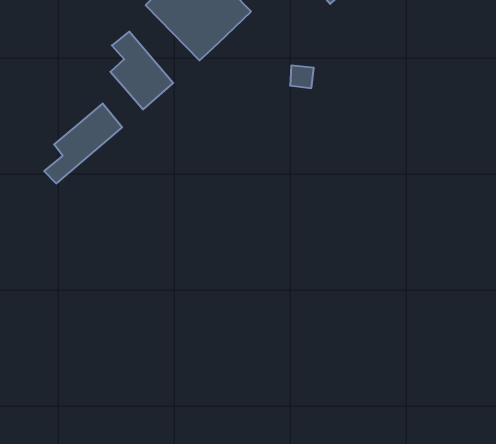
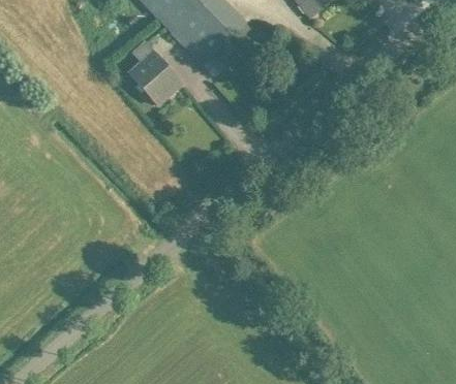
building: [44,103,122,183] -> none

